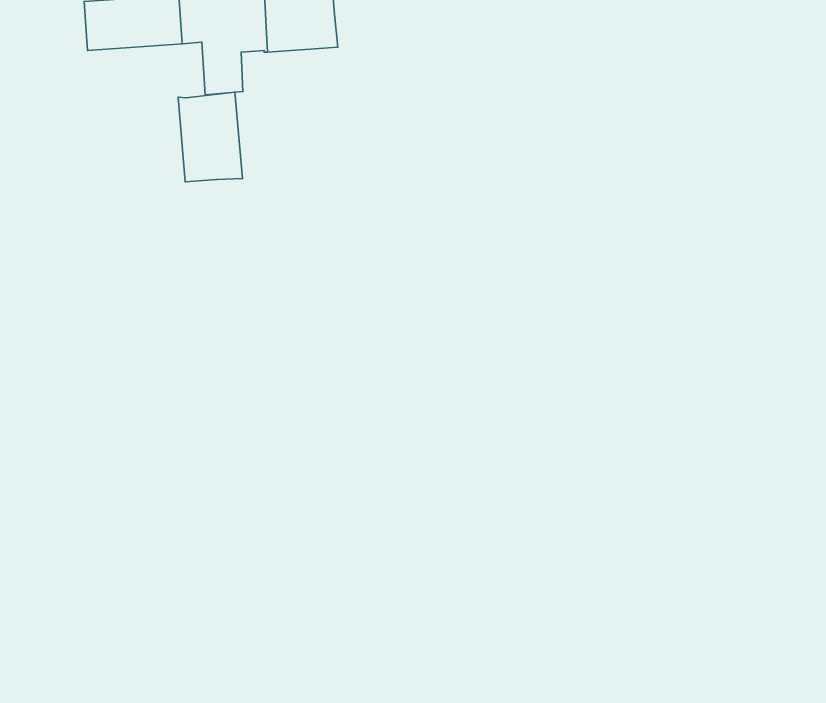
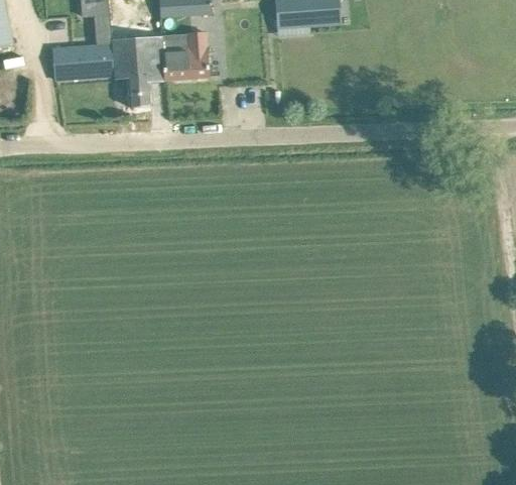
building: [178,92,242,182] -> none

